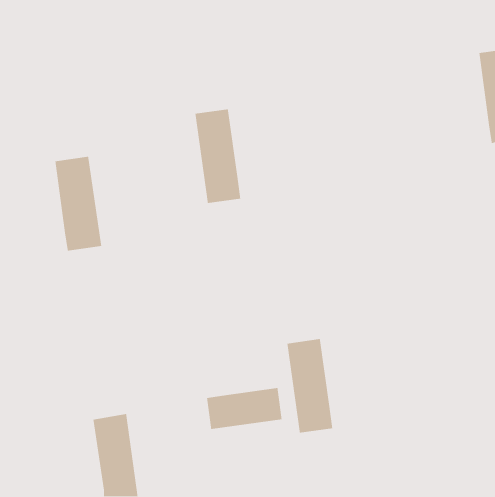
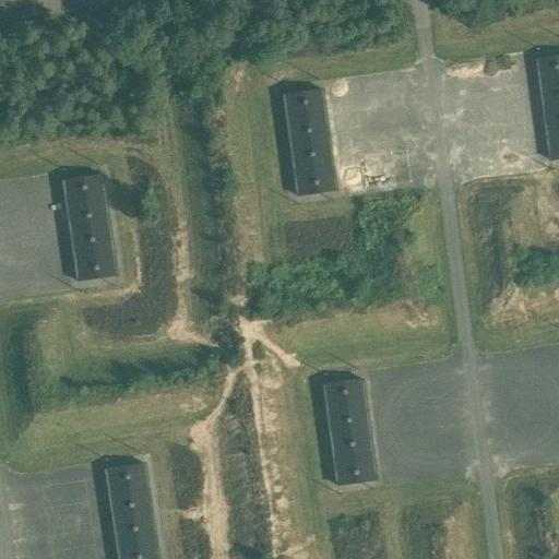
building: [194,108,241,204] -> [285,90,337,197]
building: [206,387,282,430] -> none

